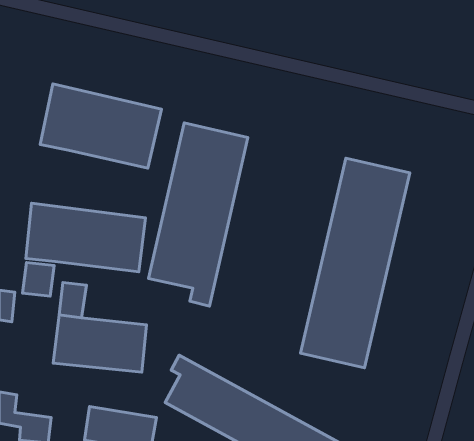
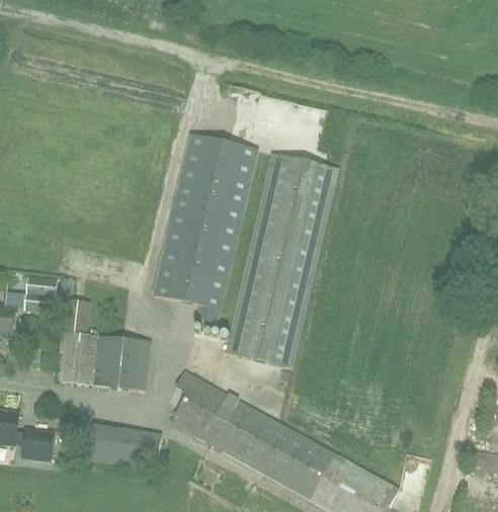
building: [40,84,161,168] -> none
building: [301,158,410,368] -> [226,152,338,367]
building: [26,203,145,272] -> none

